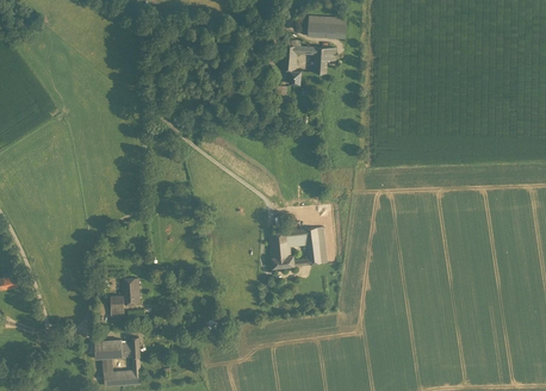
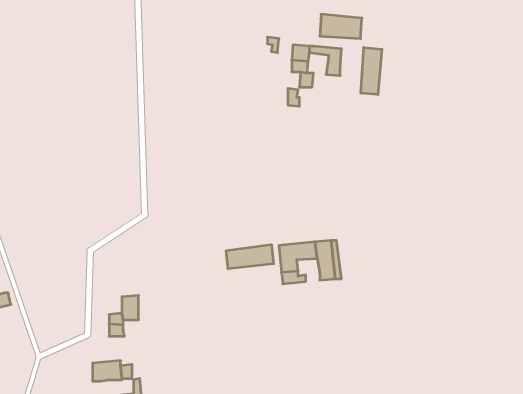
building: none -> [361,47,382,95]
building: none -> [226,245,274,269]

